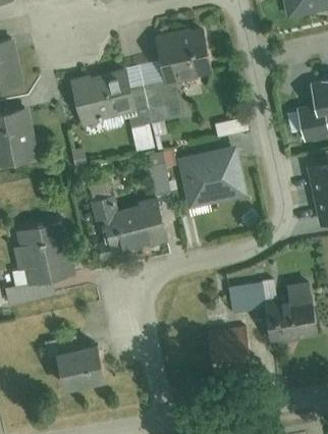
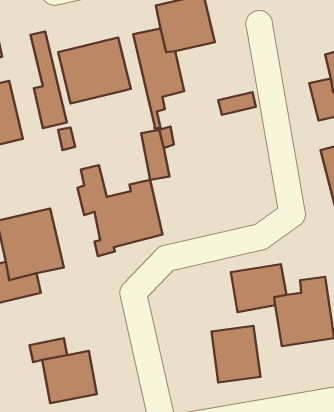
building: [124,65,157,152] -> [30,31,67,128]
building: [177,143,248,207] -> none

